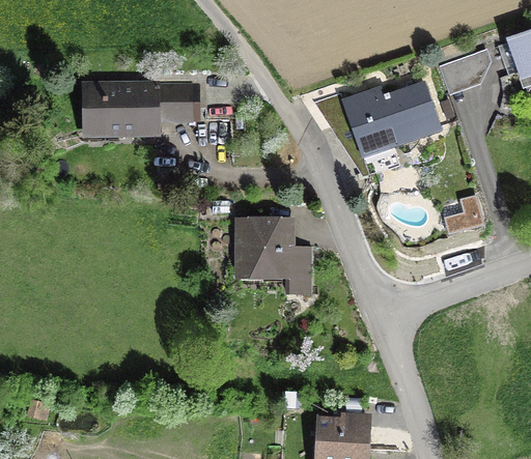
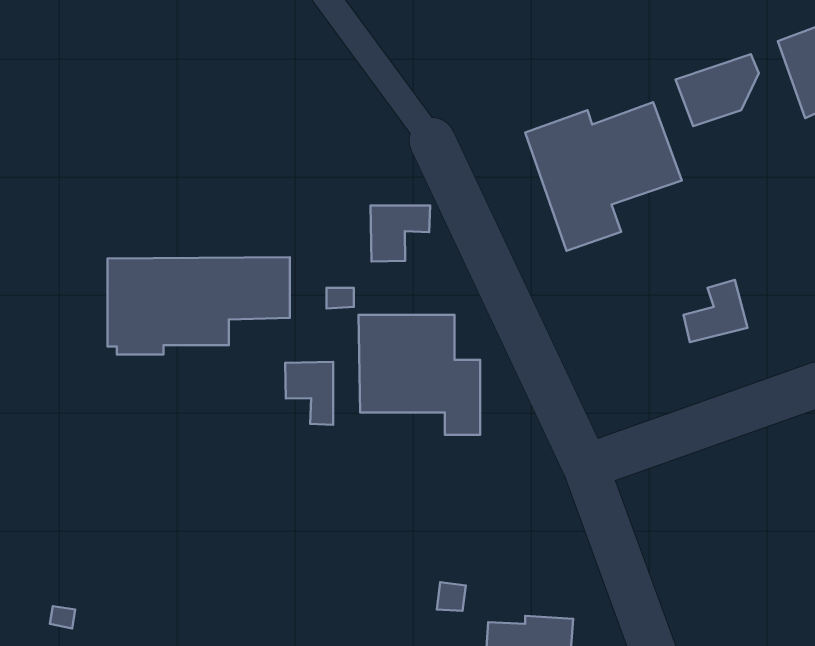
building: [82,81,200,144] -> [107,257,290,355]
building: none -> [370,206,430,262]
building: none -> [285,362,333,425]

